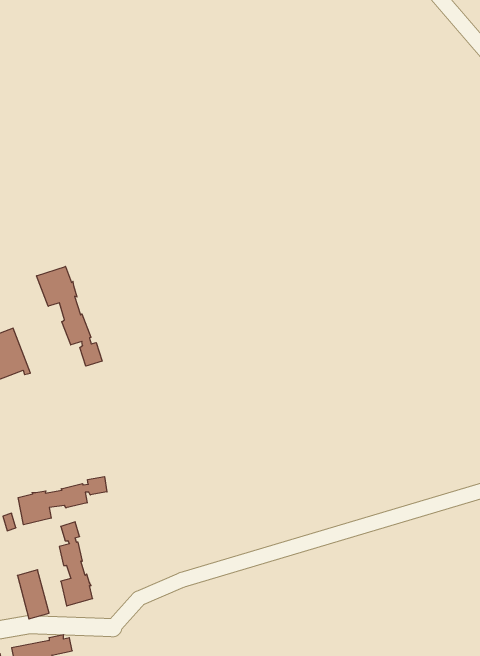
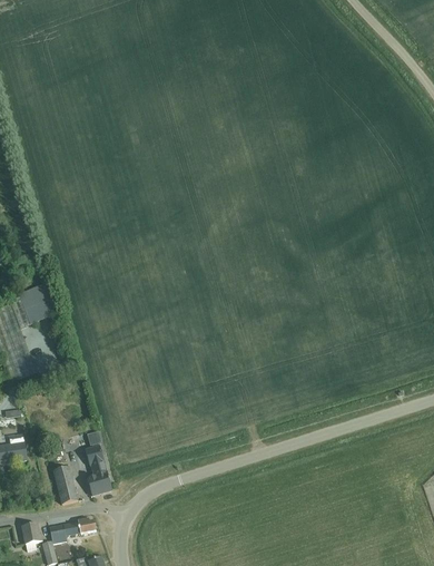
building: [37,266,102,366] -> none
building: [18,477,107,525] -> none

